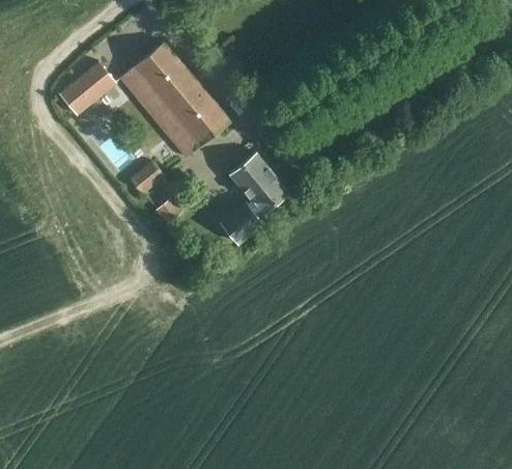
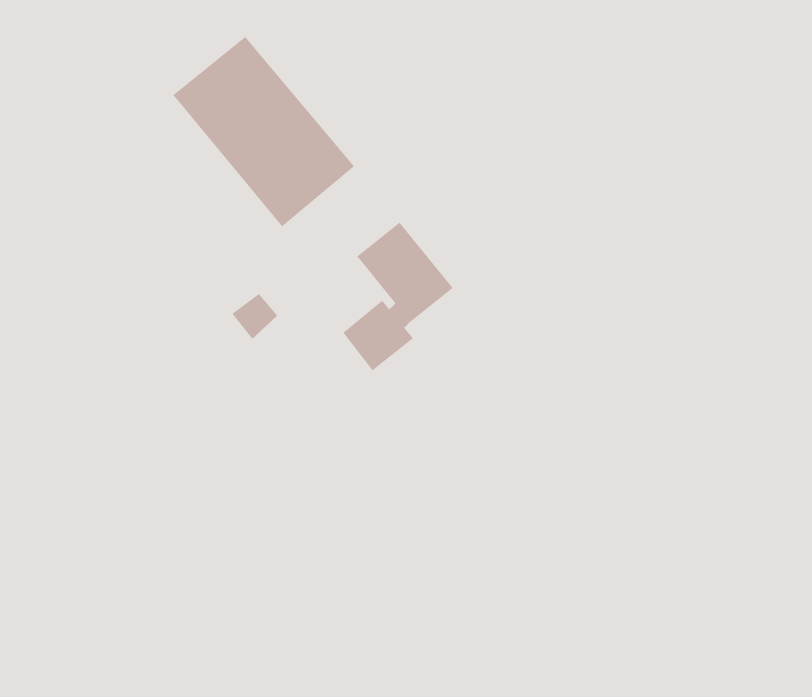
building: [60,61,116,113] -> none
building: [131,160,165,193] -> none

